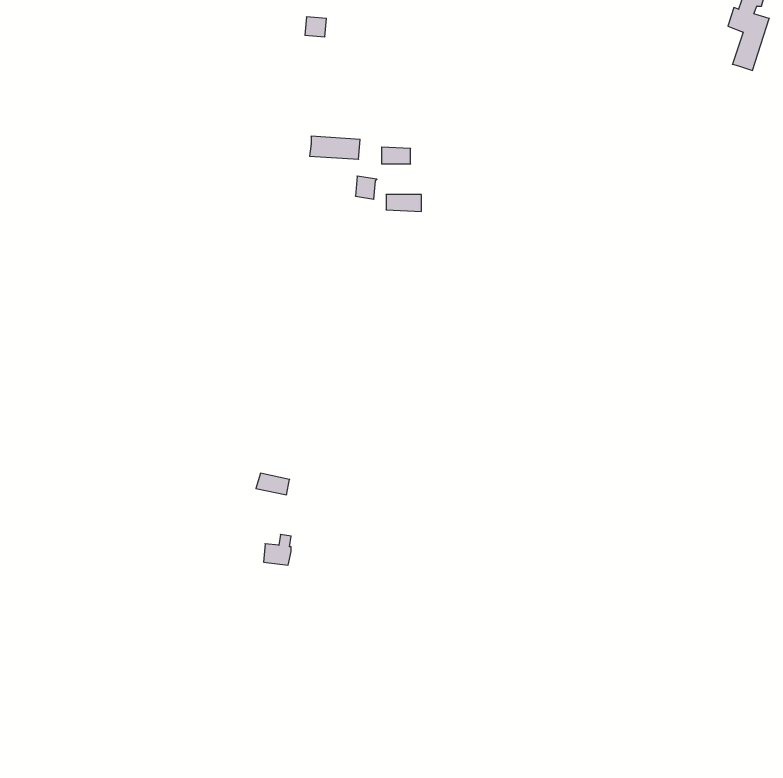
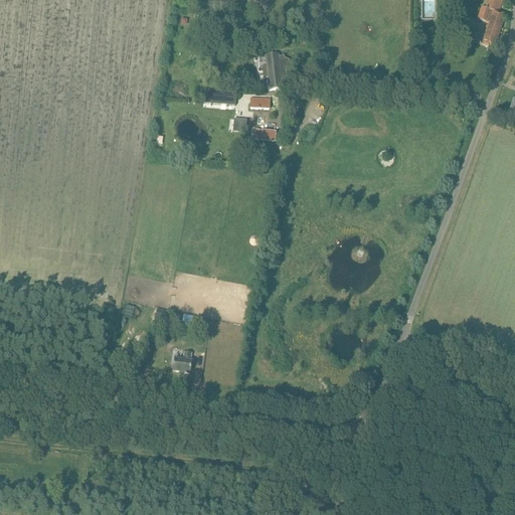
building: none -> [263,52,290,89]

